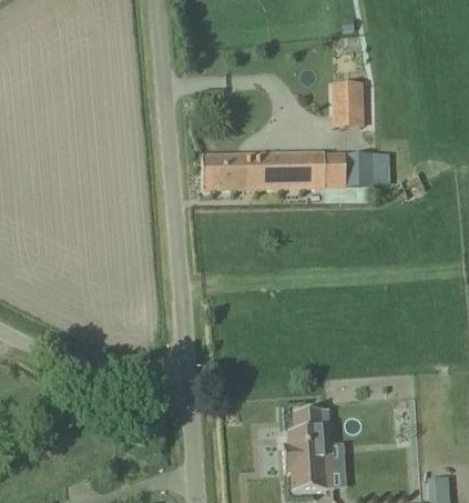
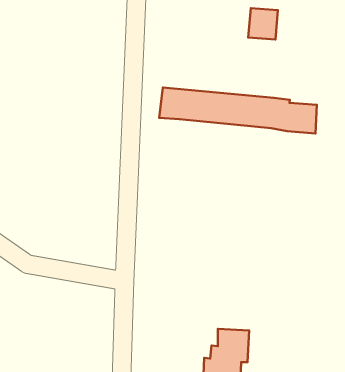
building: [334,80,365,113] -> [248,8,278,40]

